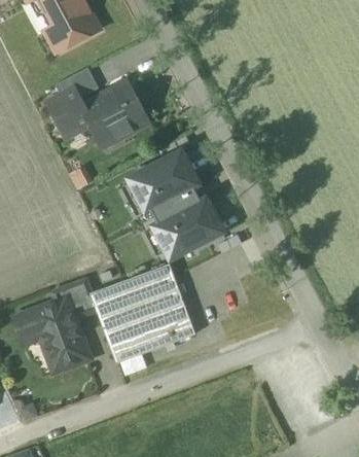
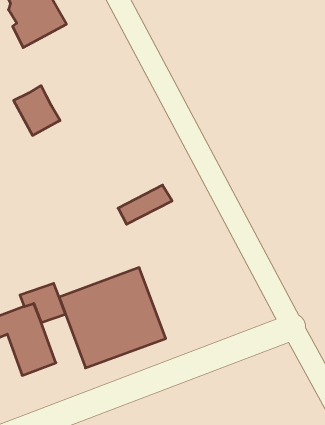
building: [56,67,99,99] -> none
building: [84,81,147,138] -> none
building: [129,150,198,210] -> none
building: [154,199,222,257] -> none

